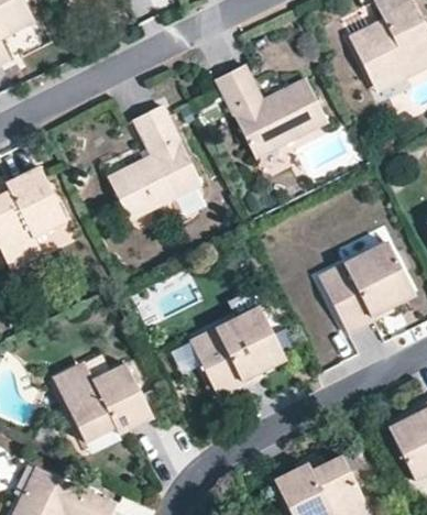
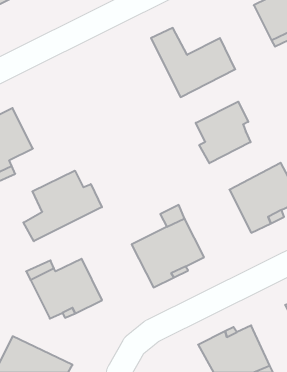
building: [107,106,200,219] -> none
building: none -> [196,102,251,163]
building: none -> [23,171,102,241]

